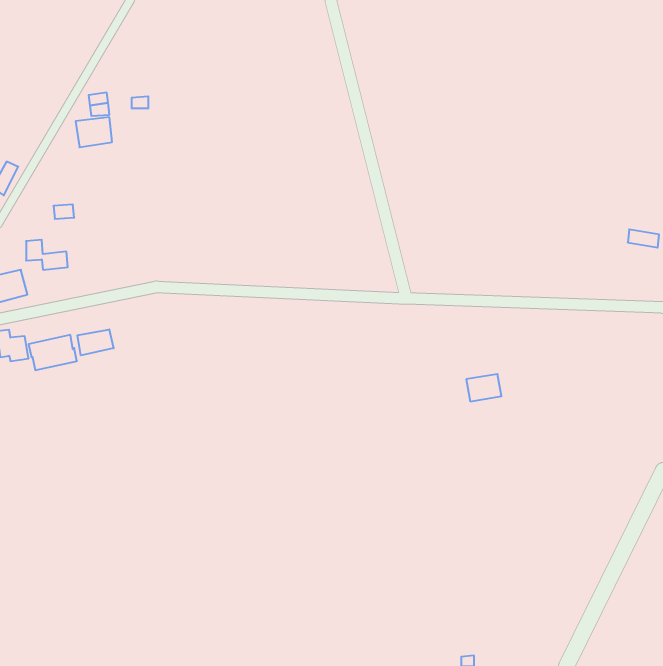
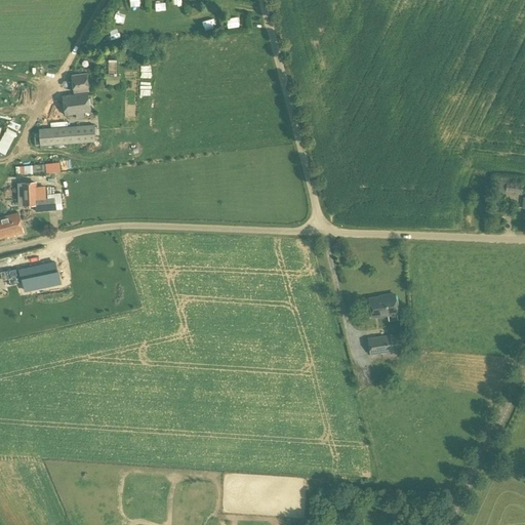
building: none -> [37,125,93,146]
building: [77,329,114,355] -> none
building: none -> [365,333,401,354]

